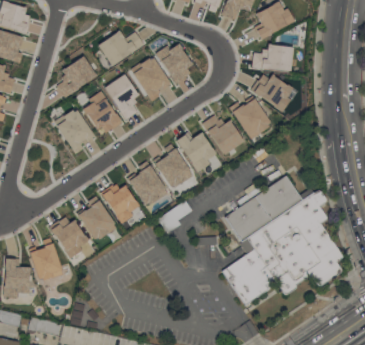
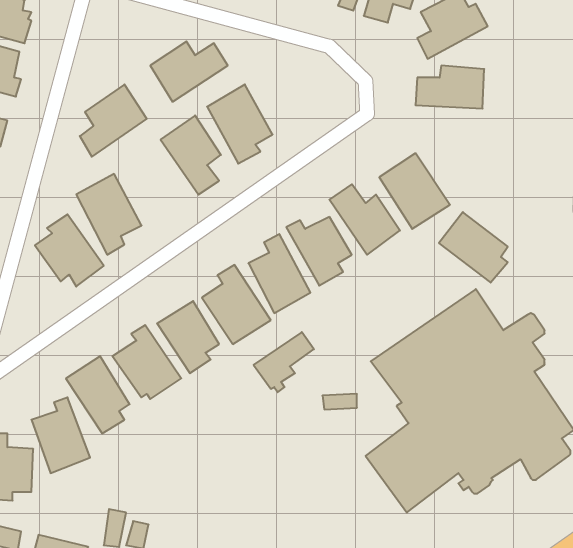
building: [155,44,195,82] -> none
building: [251,71,291,112] -> [439,212,508,283]
building: [80,90,120,132] -> [35,214,104,287]

